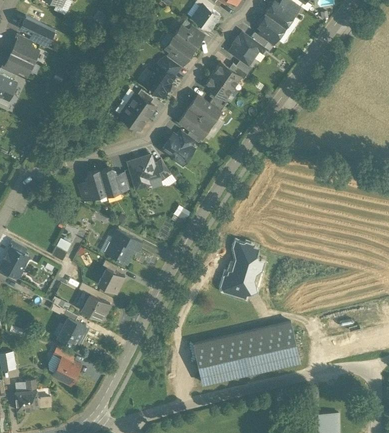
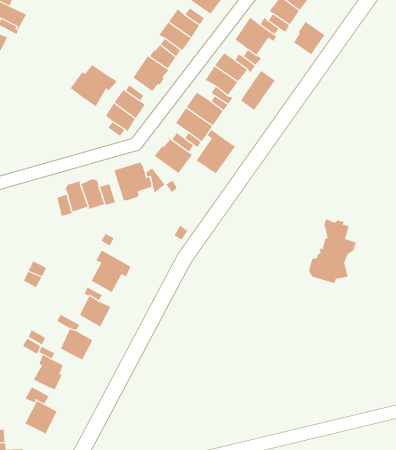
building: none -> [292,21,325,55]
building: none -> [70,64,117,107]
building: none -> [240,70,276,111]
building: none -> [195,130,236,174]
building: [221,243,262,298] -> [308,219,357,284]
building: [193,322,300,385] -> none

